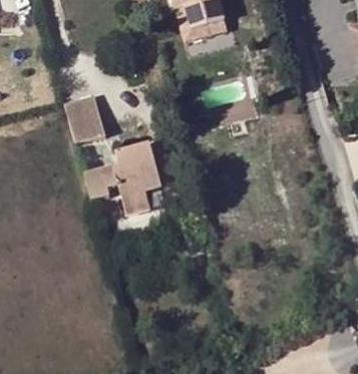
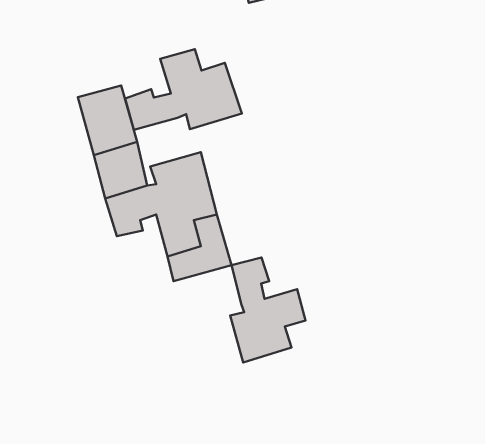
building: none -> [125,49,242,130]
building: none -> [230,258,305,363]

